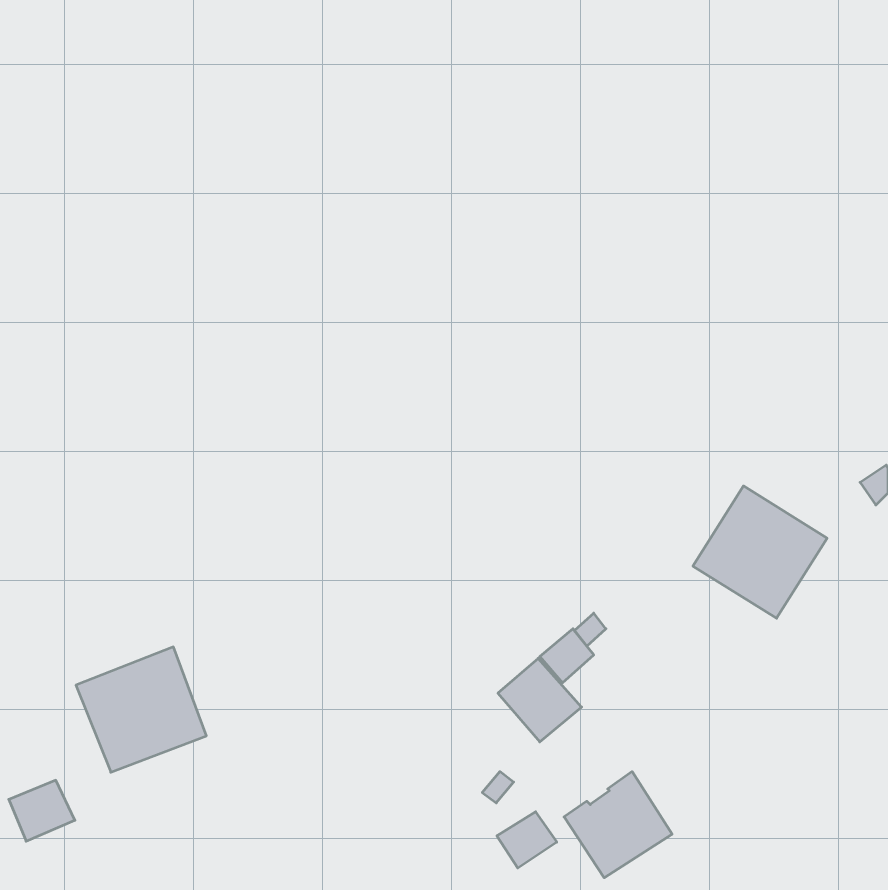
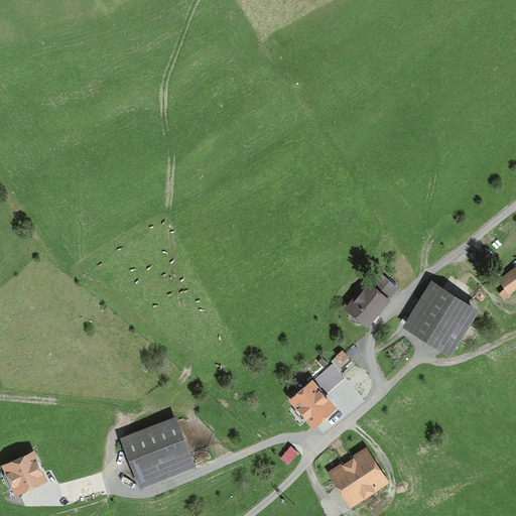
building: none -> [347,271,393,320]
building: [76,647,206,772] -> [119,417,195,490]
building: [497,812,557,868] -> none

